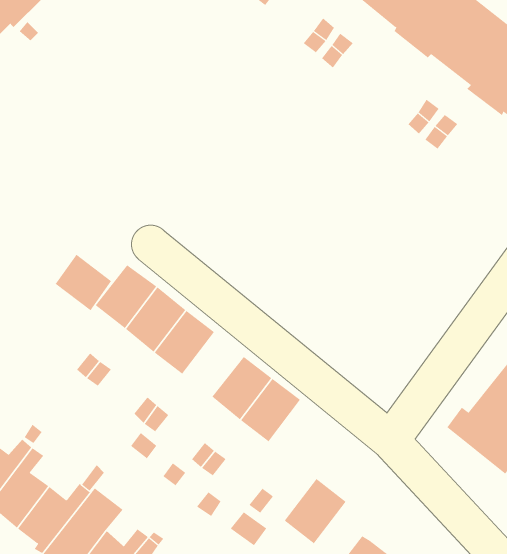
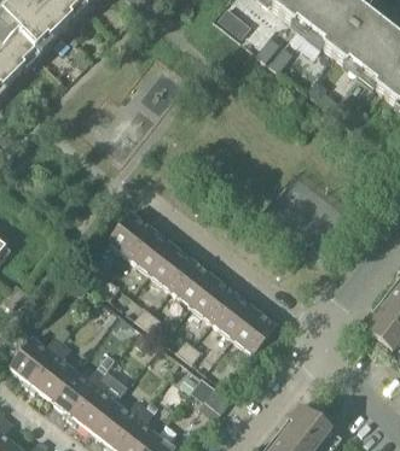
building: [55,254,112,311] -> none
building: none -> [168,258,211,304]
building: [284,478,346,544] -> [230,306,274,353]

